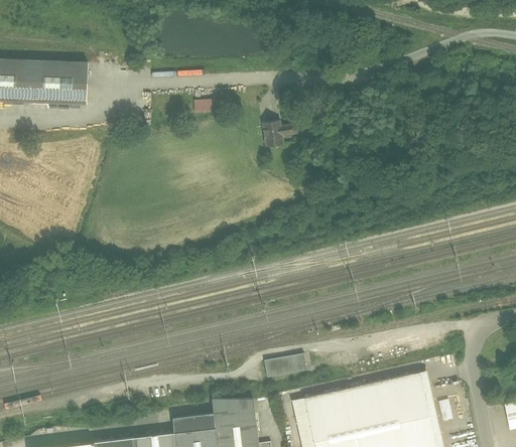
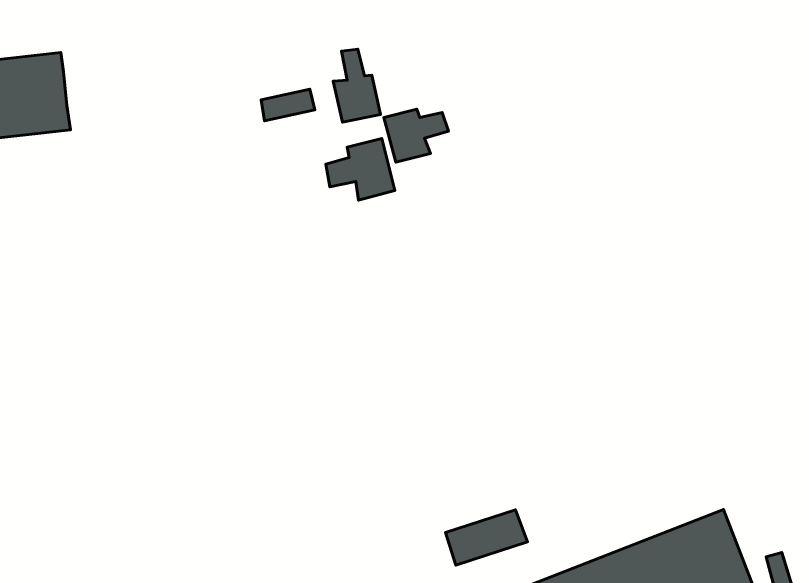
building: none -> [333,49,381,122]
building: none -> [326,138,395,200]

